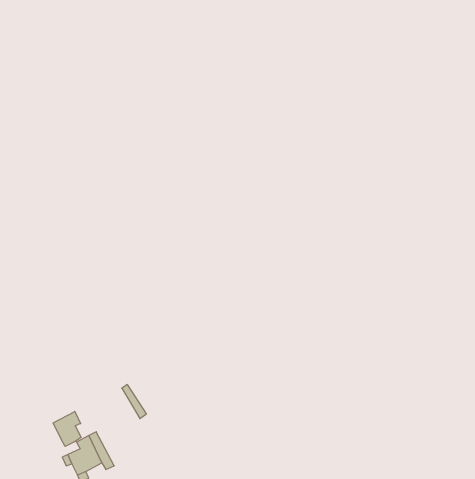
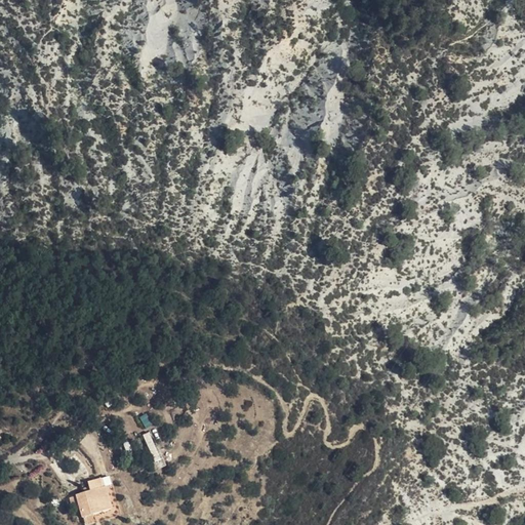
building: [53,411,81,446] -> none

